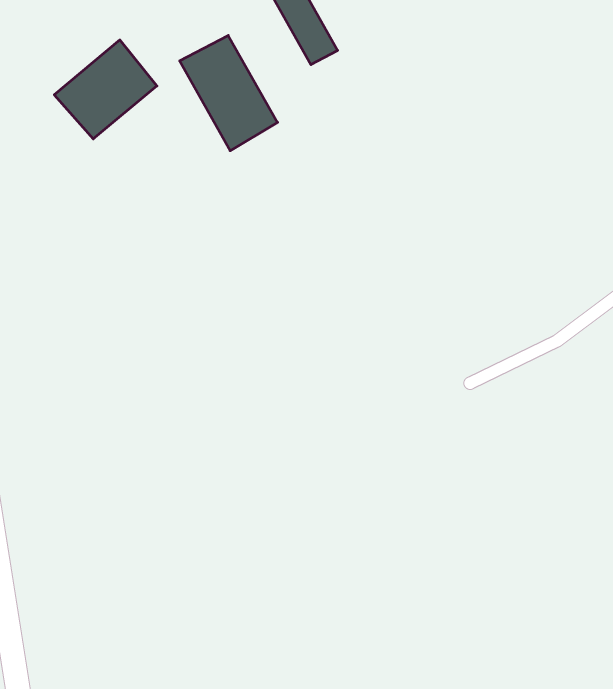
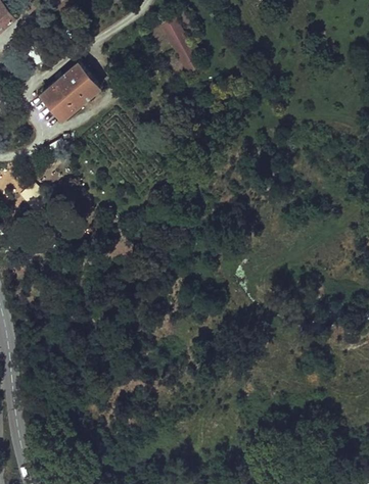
building: [180,35,278,151] -> none

